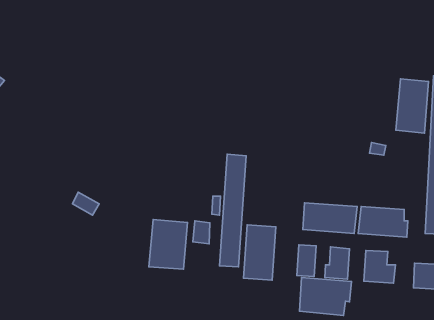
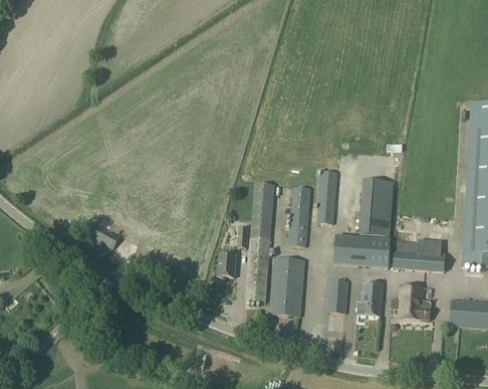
building: [396,79,428,133] -> [358,179,393,236]
building: none -> [316,170,336,223]
building: none -> [287,186,310,246]
building: [149,219,188,269] -> none
building: [300,277,351,315] -> none

